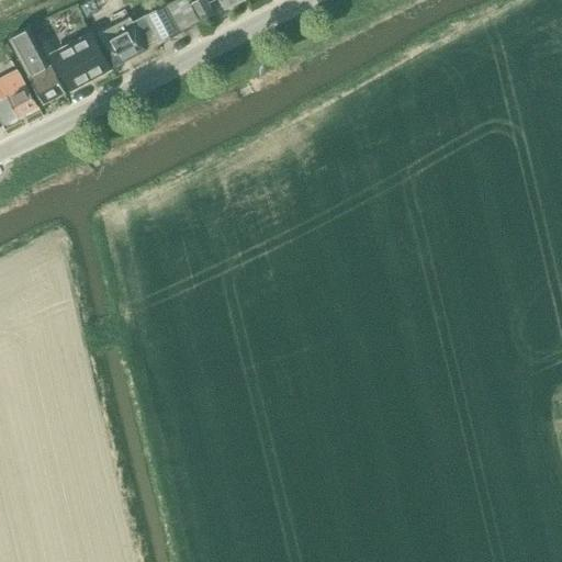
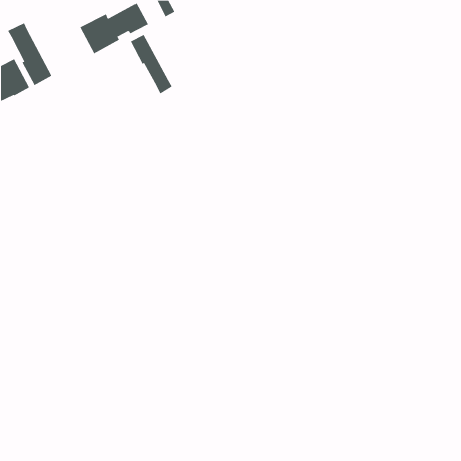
building: [49,32,110,90] -> none
building: none -> [130,34,173,94]

